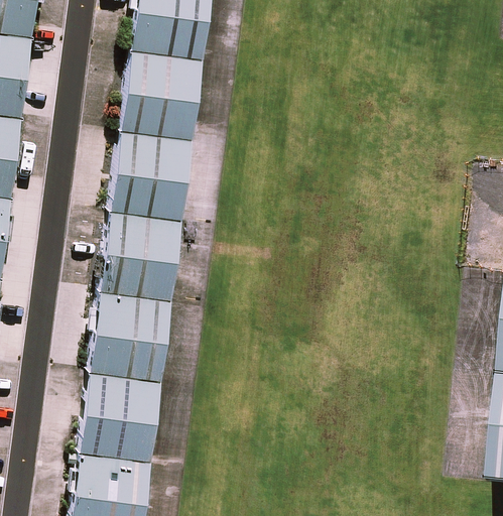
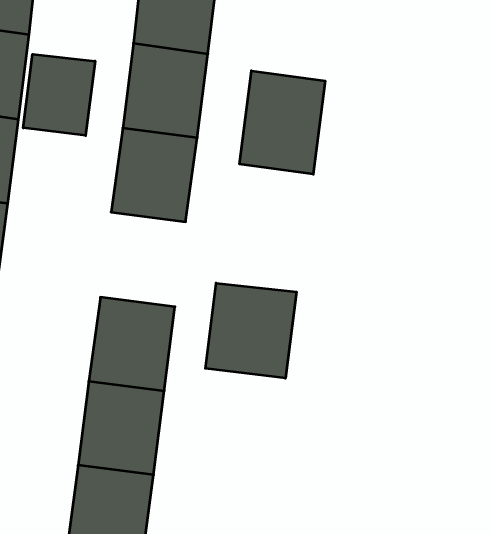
building: none -> [23,54,95,136]
building: none -> [240,71,325,174]
building: [99,207,179,296] -> none
building: none -> [205,283,296,378]

